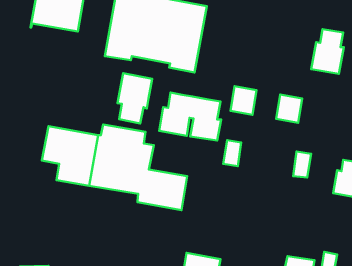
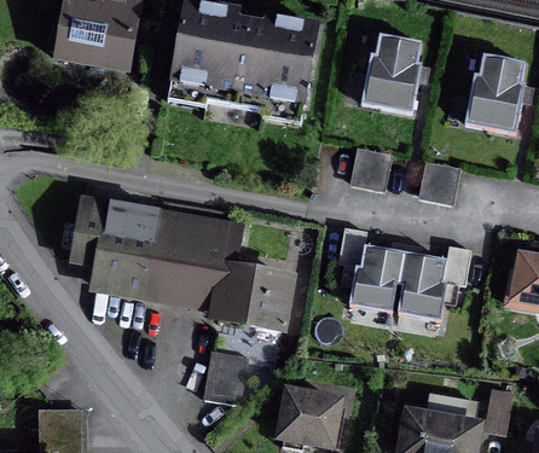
building: none -> [366,45,415,111]
building: [118,73,152,123] -> none
building: [159,92,221,141] -> [353,248,445,319]
building: none -> [203,353,247,407]

